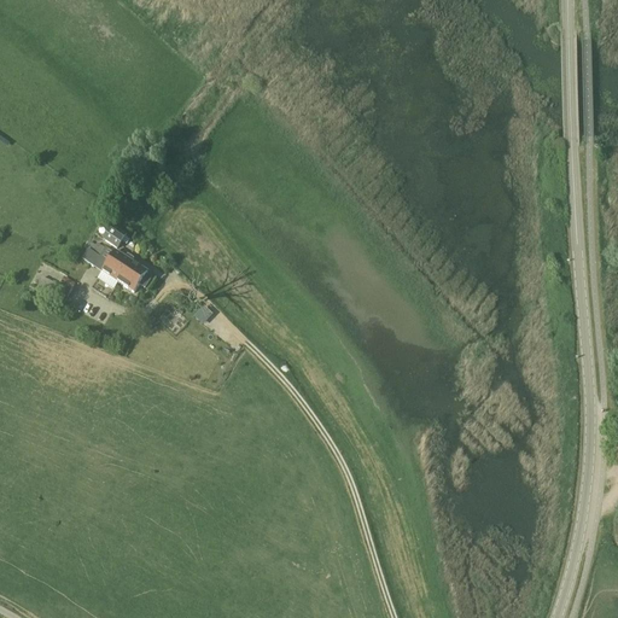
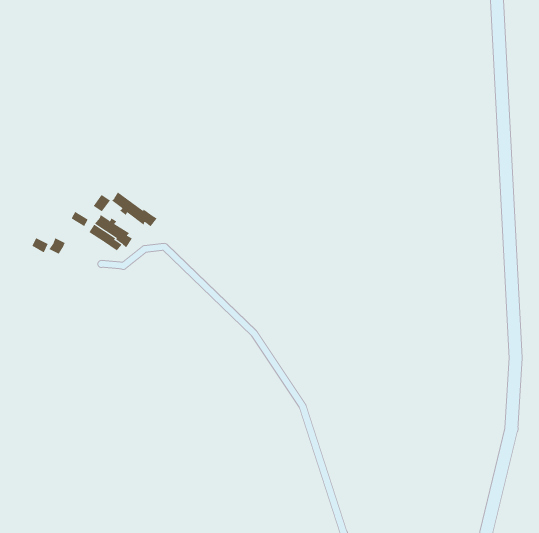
building: none -> [111,191,157,227]

